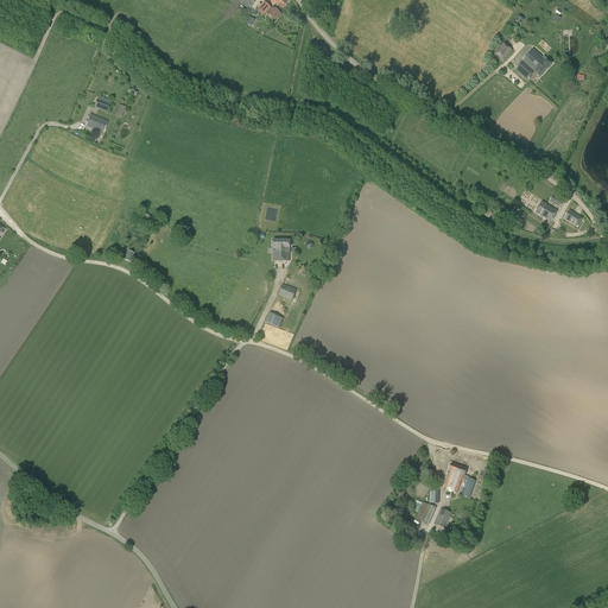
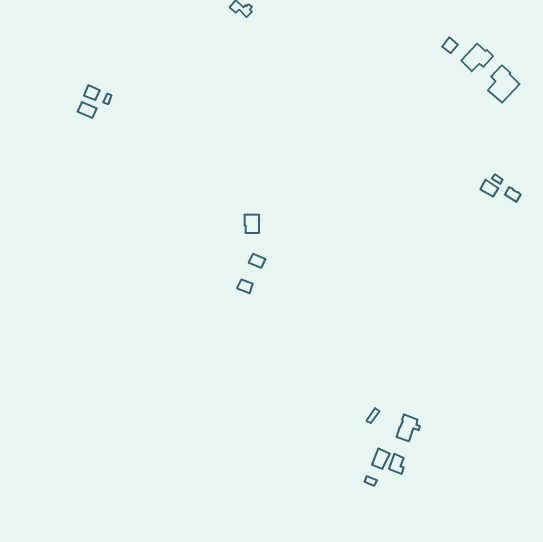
building: none -> [488,65,520,103]

